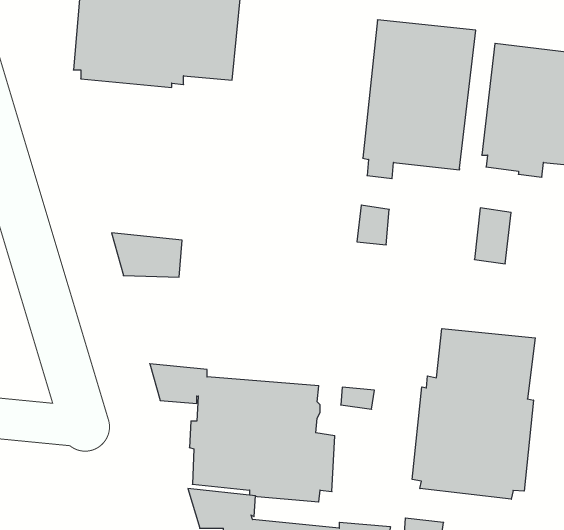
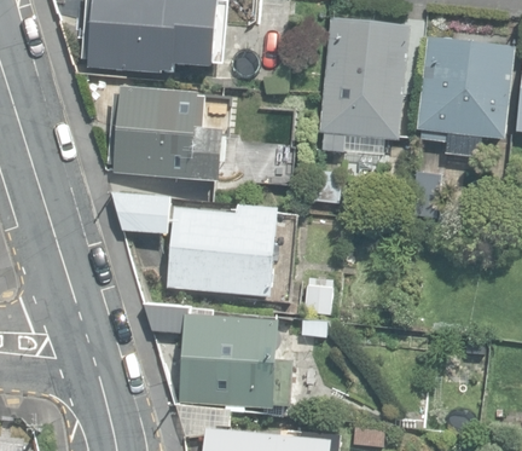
building: none -> [106,85,227,184]
building: none -> [167,203,280,296]
building: [412,329,535,499] -> none

